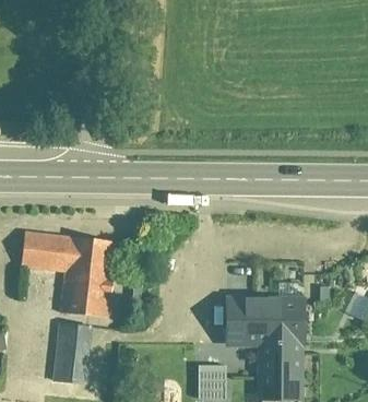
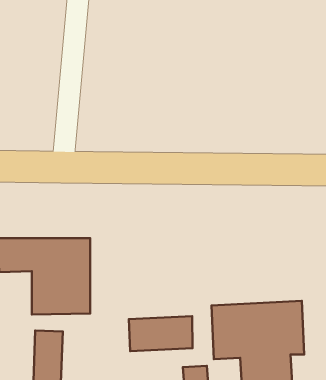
building: none -> [129,316,192,351]

